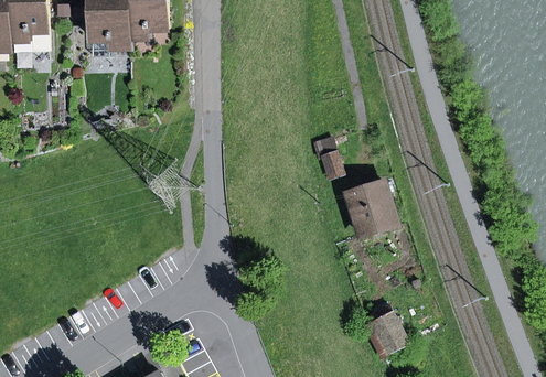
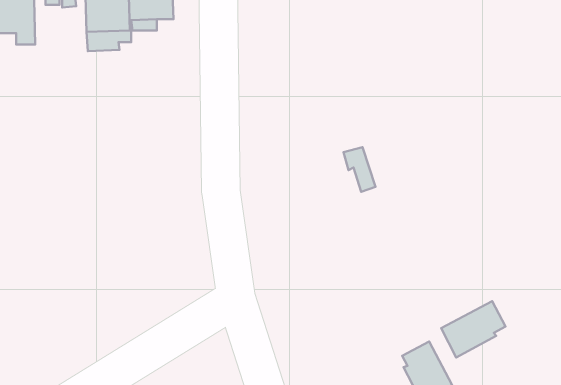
building: [347,183,396,235] -> none
building: none -> [441,301,506,358]

